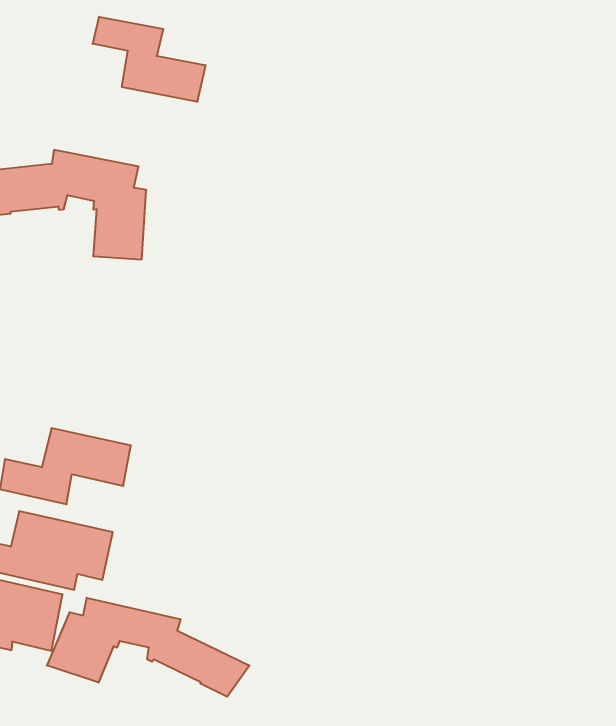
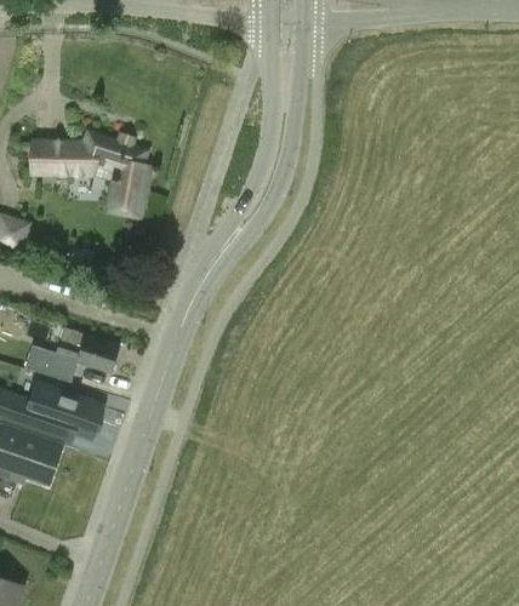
building: [93,17,205,102] -> none
building: [47,598,250,697] -> none

